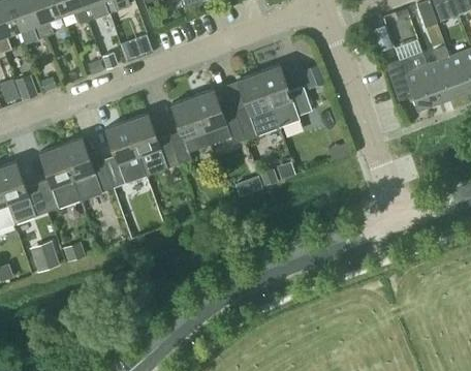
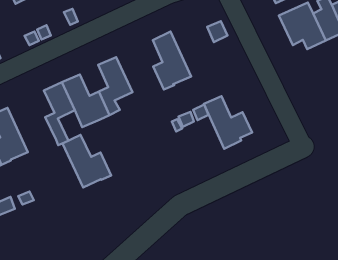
building: [258,65,312,127] -> [204,96,252,149]
building: [192,89,245,144] -> none
building: [60,137,114,199] -> [63,135,111,188]

